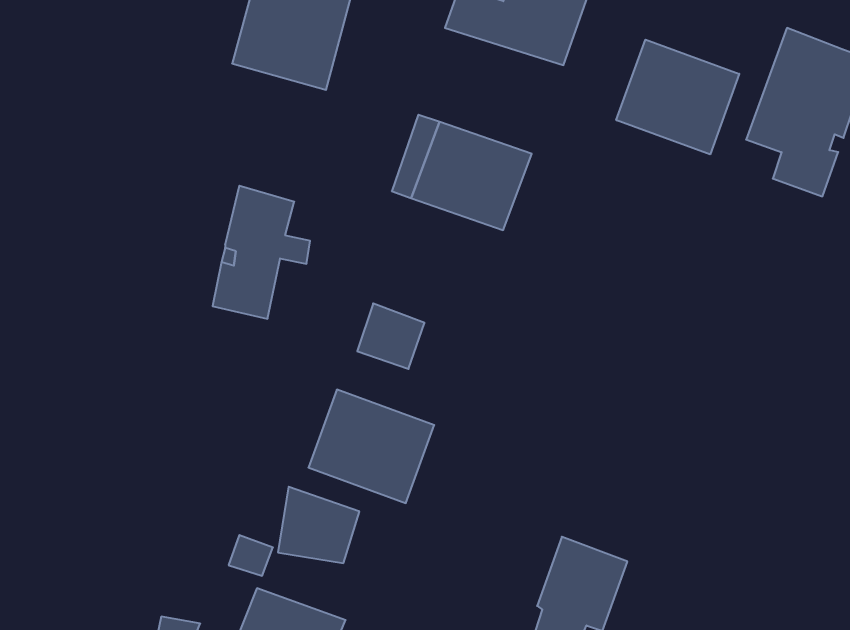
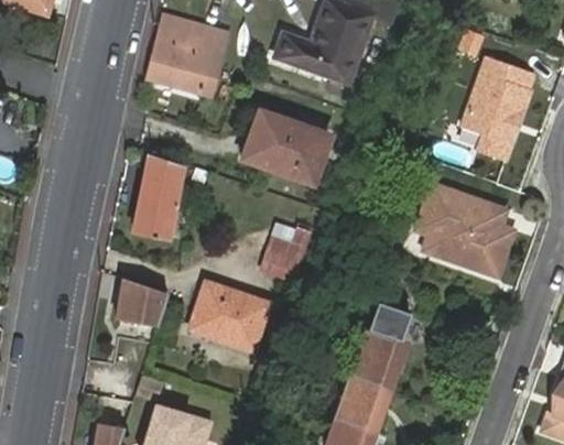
building: [616,40,739,154] -> none
building: none -> [415,184,516,280]
building: [357,303,425,369] -> [264,239,306,280]
building: none -> [349,303,406,389]
building: [278,487,359,563] -> [118,276,169,324]

